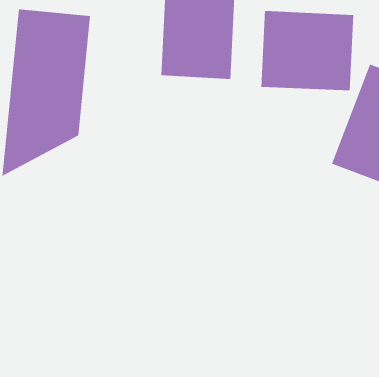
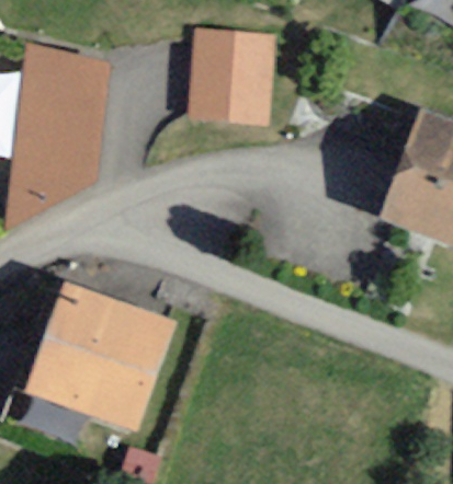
building: [261,10,354,91] -> none
building: none -> [34,290,184,438]

